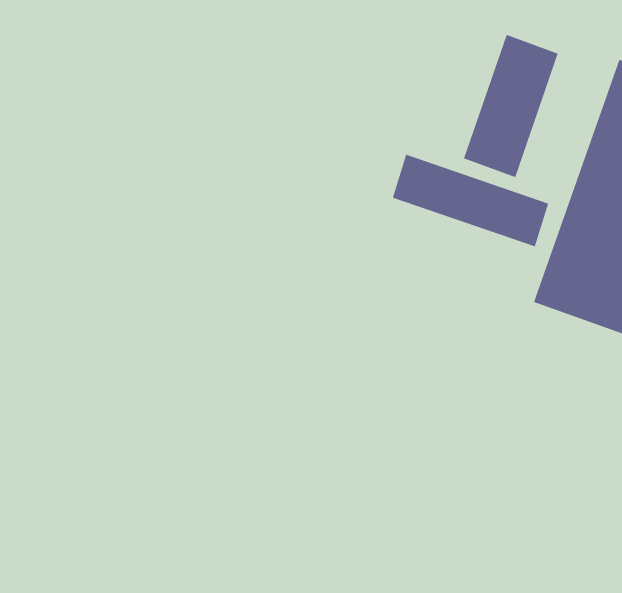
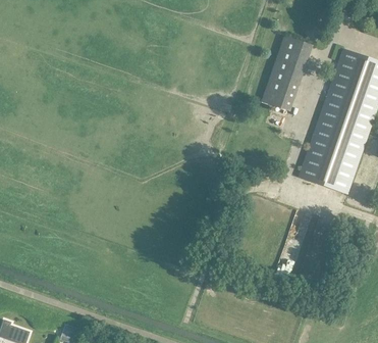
building: [392,154,549,247] -> none

